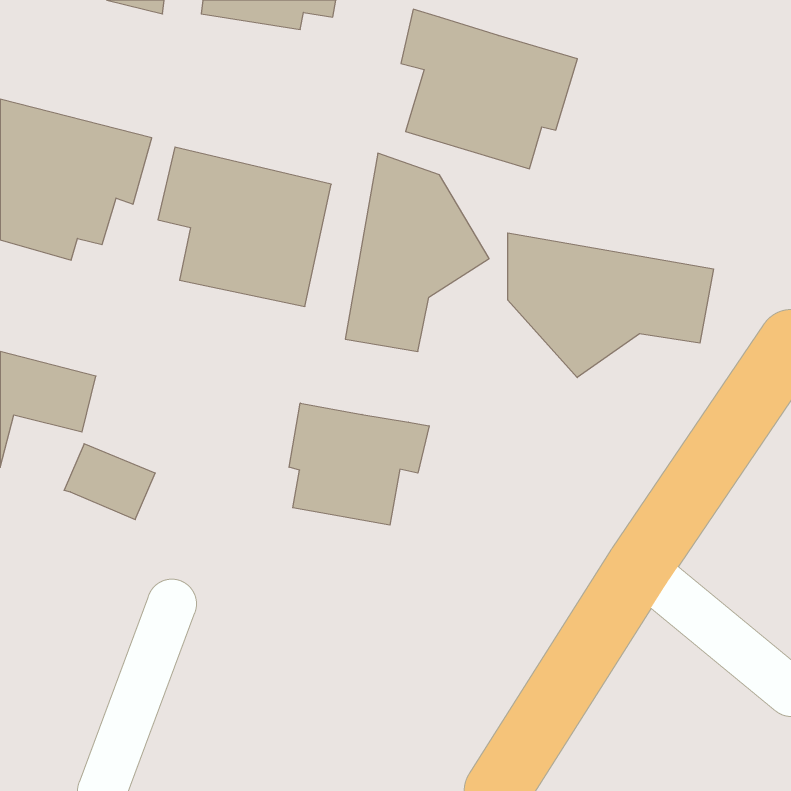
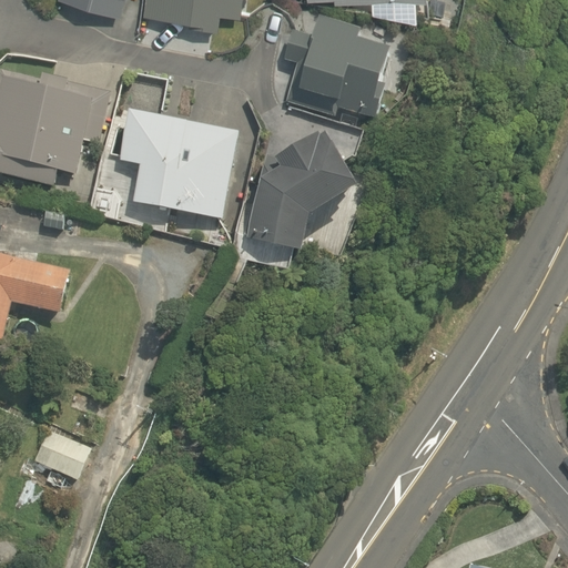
building: [508,233,713,378] -> none
building: [289,403,429,525] -> none
building: [64,444,155,520] -> [27,427,92,481]

